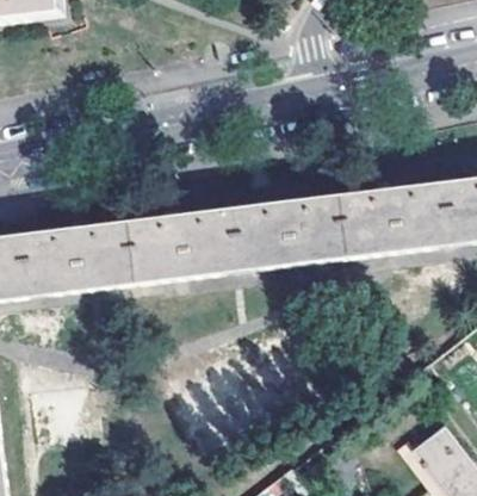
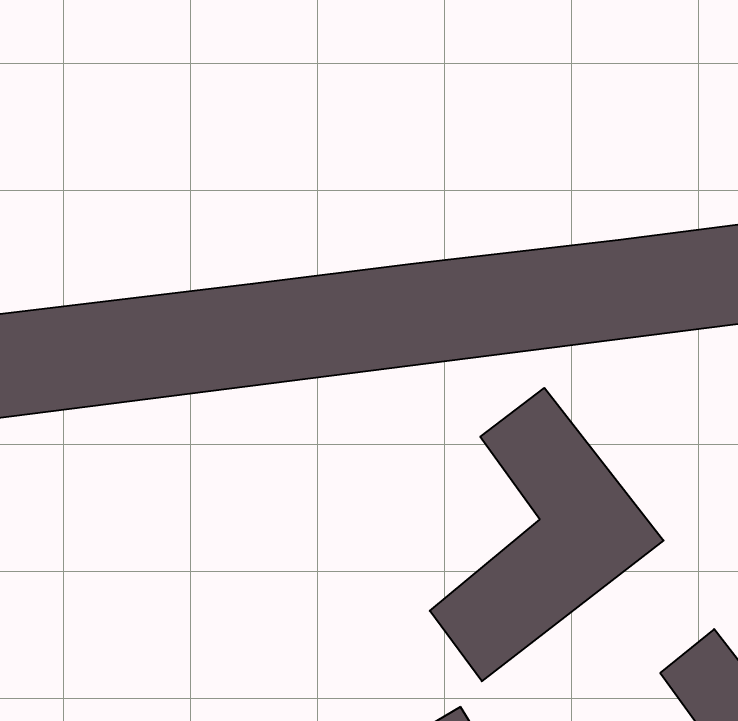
building: none -> [430,388,664,681]

